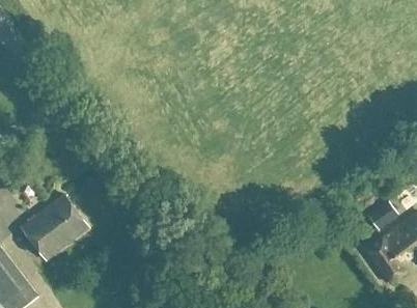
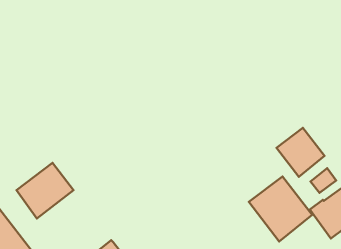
building: none -> [276,128,325,177]
building: none -> [249,176,312,241]

